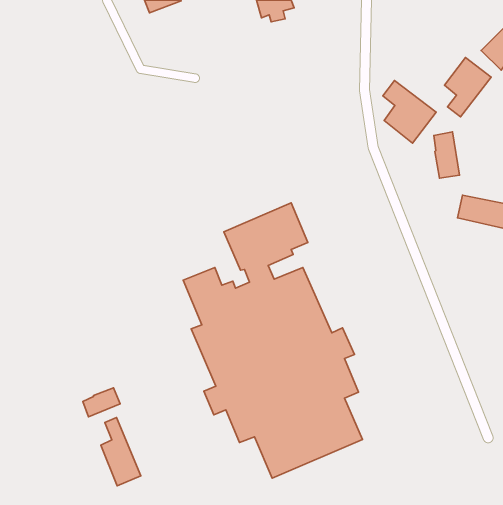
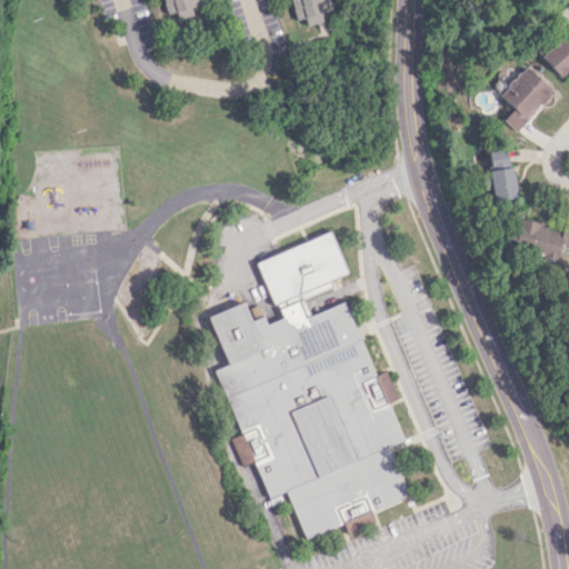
building: [383,80,436,143] -> none
building: [83,388,120,417] -> none
building: [101,418,141,486] -> none

